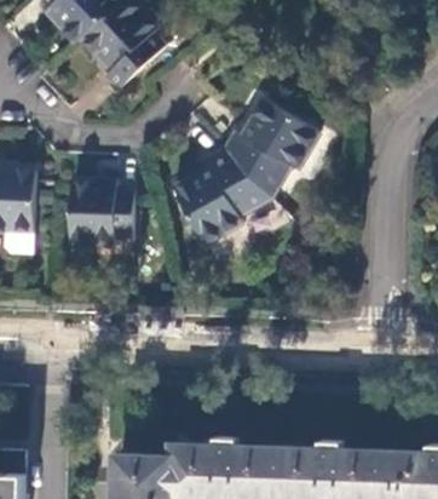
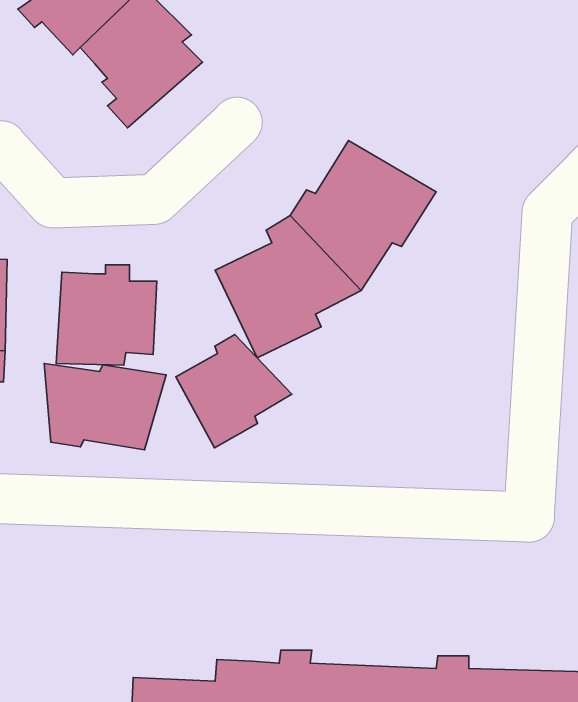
building: none -> [176,335,292,448]
building: none -> [44,363,166,450]

